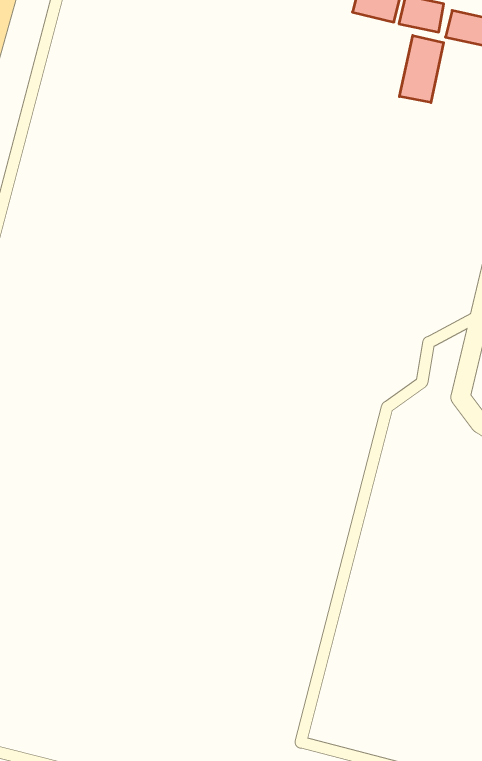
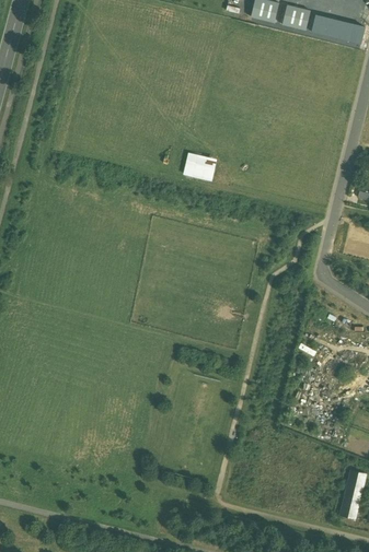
building: [399,35,444,103] -> none
building: none -> [184,154,216,179]

